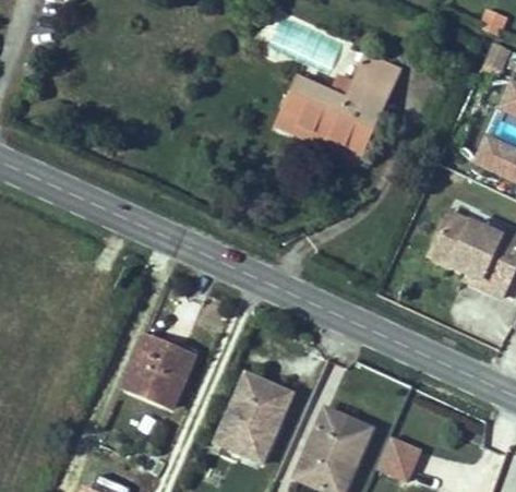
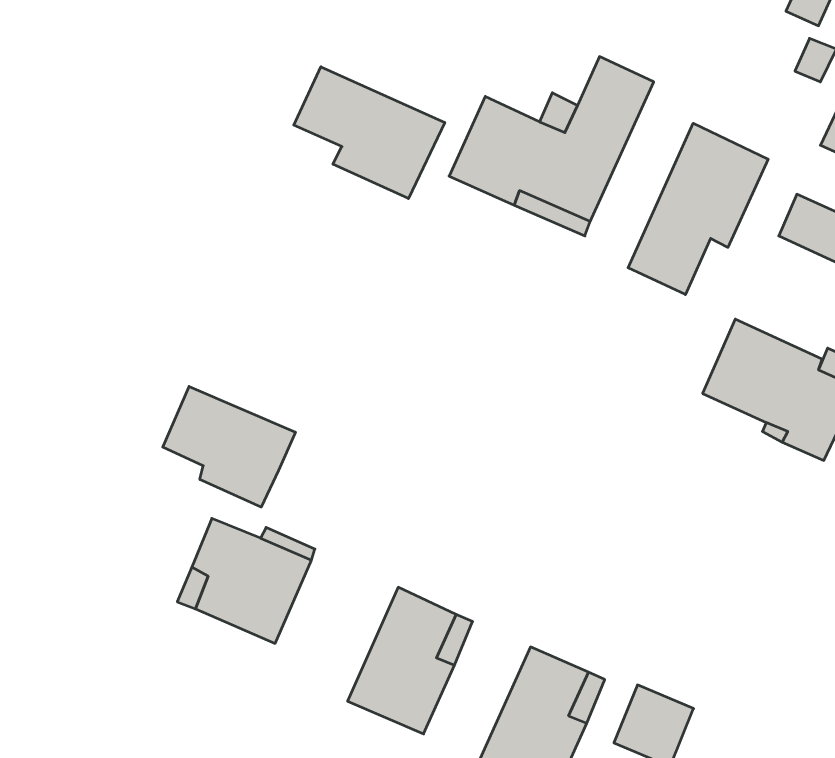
building: none -> [294,67,445,199]
building: none -> [628,123,768,295]
building: none -> [163,386,295,507]

